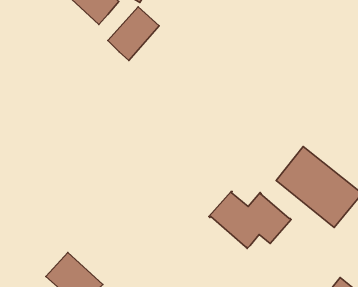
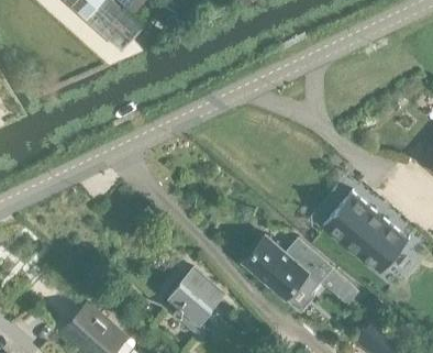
building: [108,7,159,61] -> none
building: none -> [166,268,224,334]

